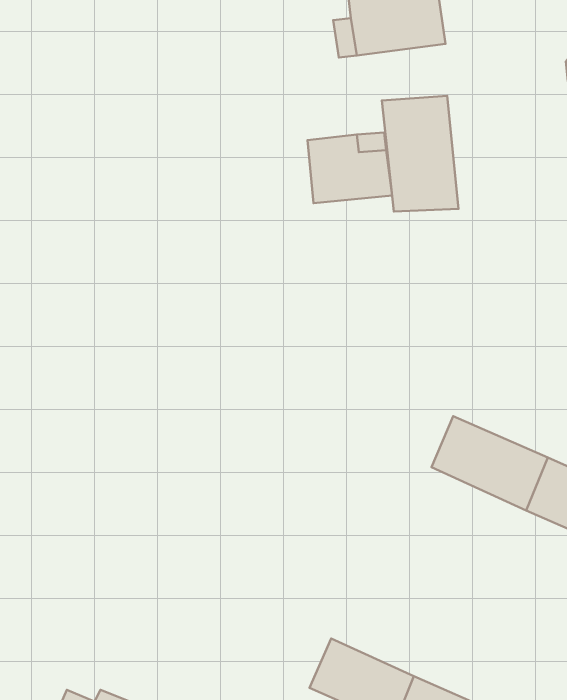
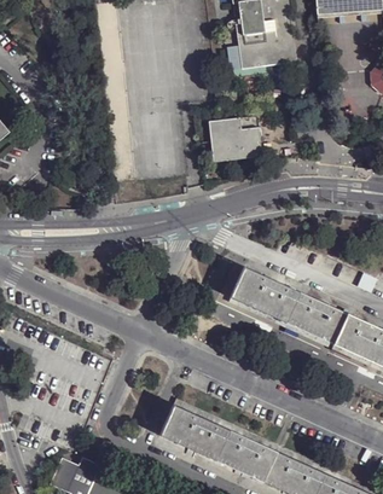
building: [382,96,459,212] -> none
building: none -> [228,266,300,322]
building: none -> [159,403,225,458]

